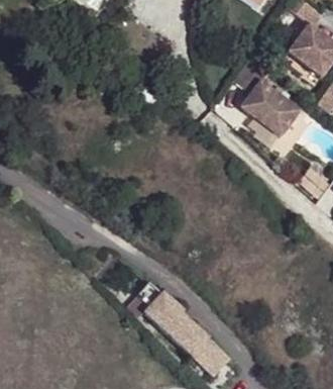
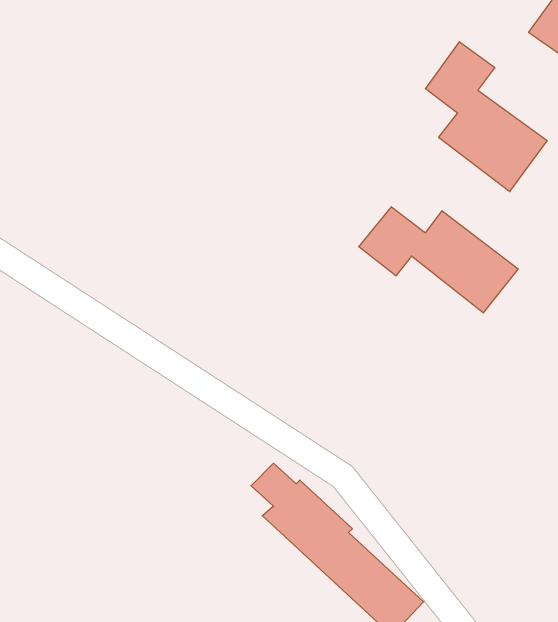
building: none -> [359,207,518,313]

